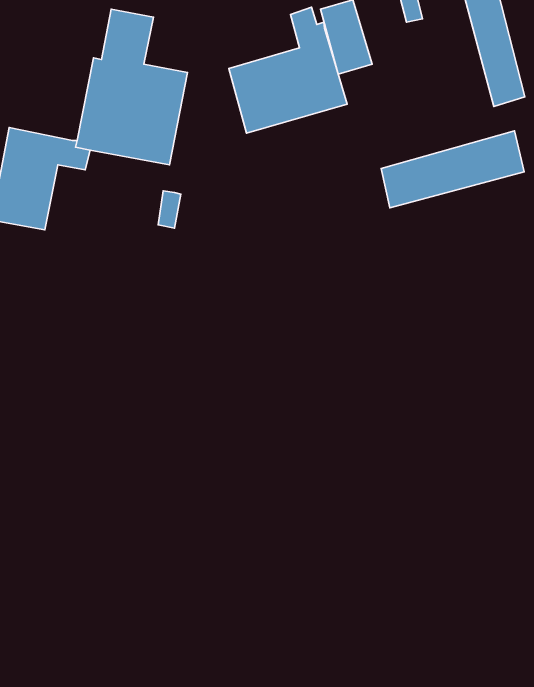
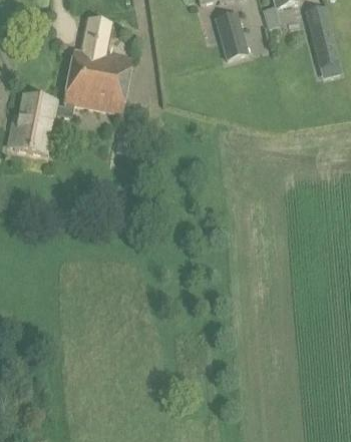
building: [229,7,347,133] -> none
building: [381,131,524,208] -> none

